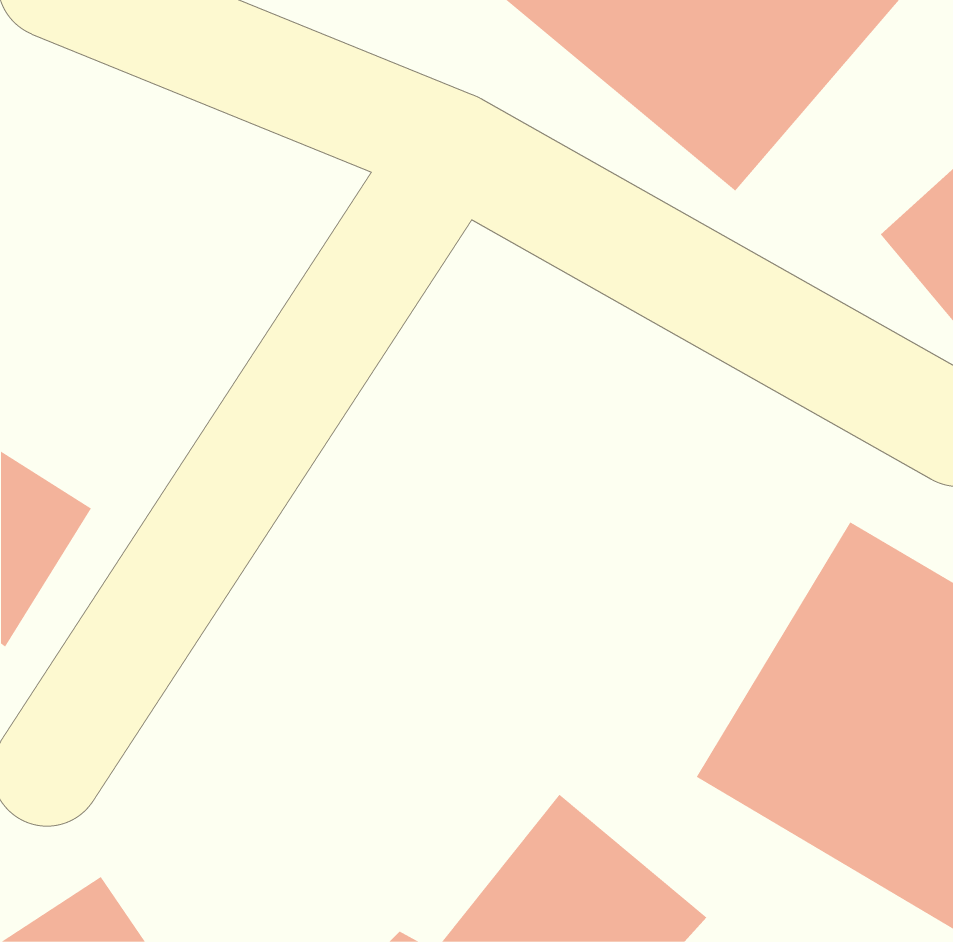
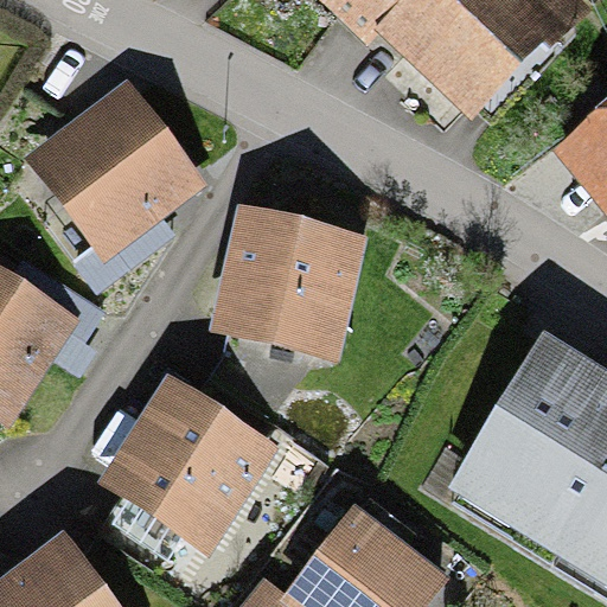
building: none -> [51,98,194,239]
building: none -> [229,217,353,343]
building: none -> [126,392,258,528]

